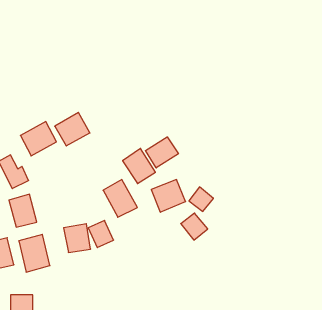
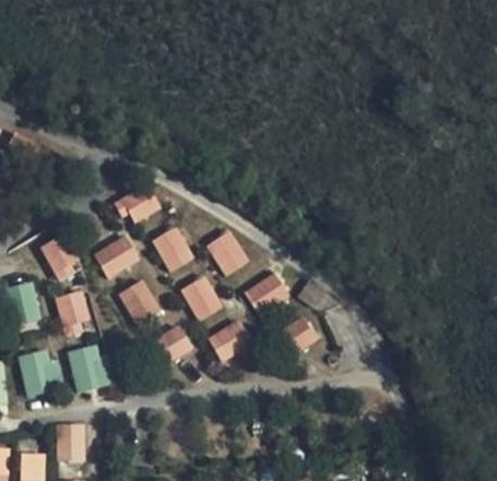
building: [20,122,56,156] -> [93,233,141,279]
building: [145,137,178,168] -> none
building: none -> [151,226,194,273]
building: none -> [208,320,252,361]
building: [64,224,91,252] -> [121,279,157,317]

